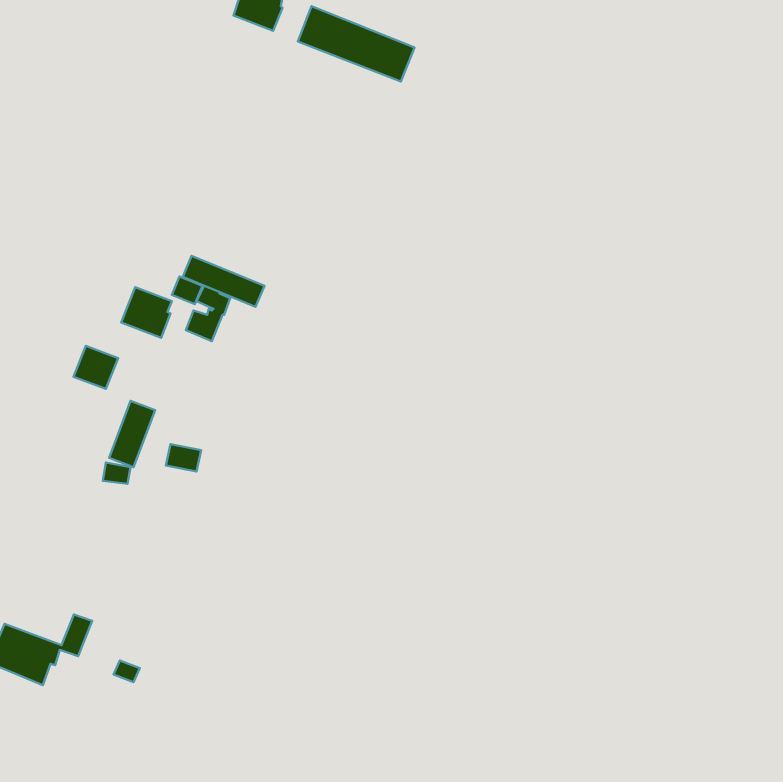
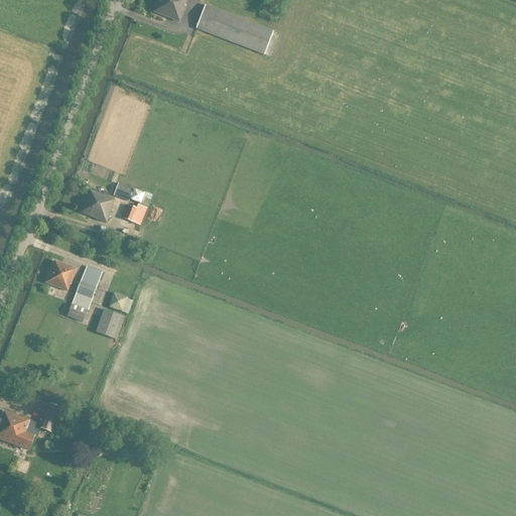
building: [183,256,264,307] -> none
building: [74,346,118,389] -> [52,262,82,290]
building: none -> [95,307,124,338]

